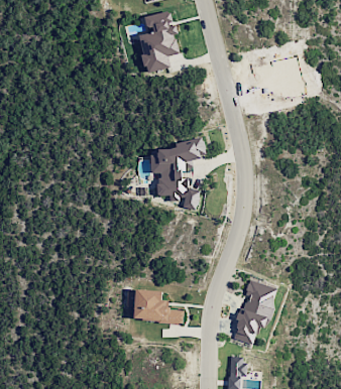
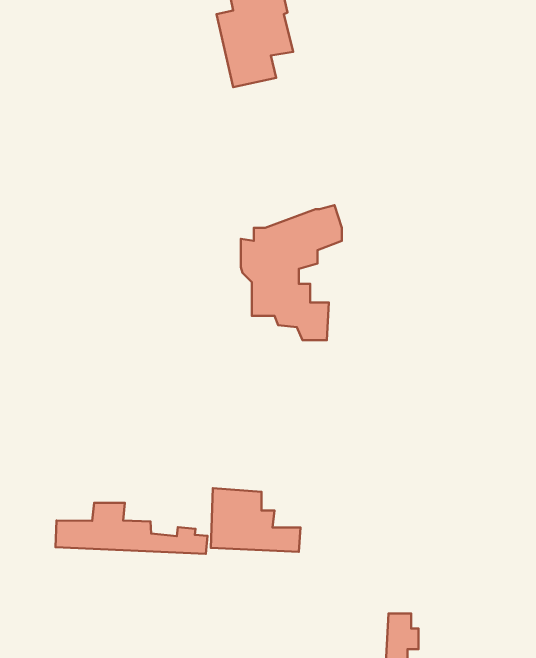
building: [232,280,276,344] -> none
building: none -> [56,503,208,554]

